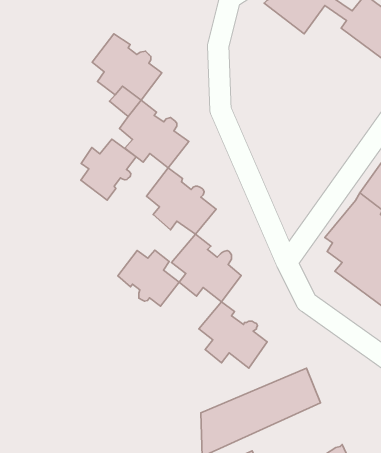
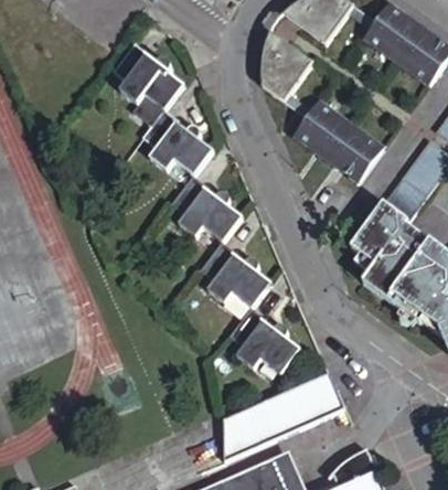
building: none -> [266,31,384,182]
building: [81,139,136,200] -> none
building: [118,250,179,306] -> none

